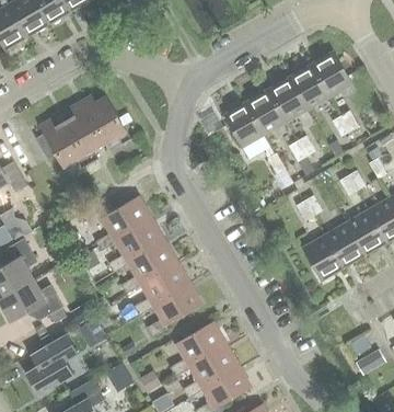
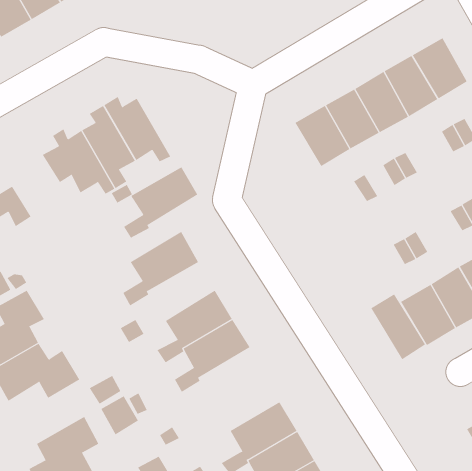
building: [107,218,163,272] -> [123,167,198,238]
building: none -> [371,294,426,360]
building: [146,282,202,336] -> none

